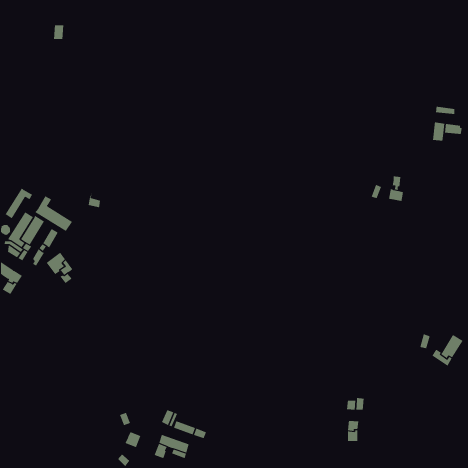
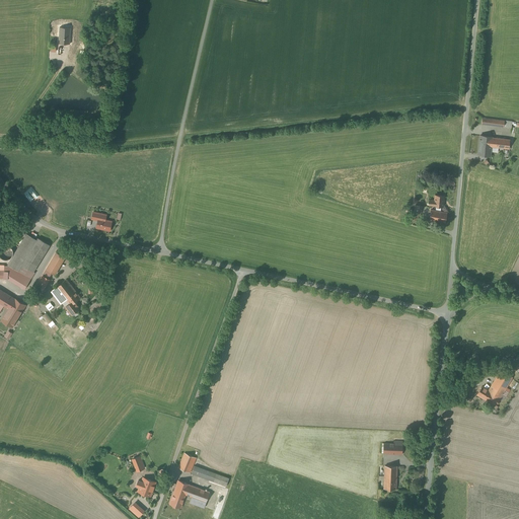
building: [5,187,33,219] -> none
building: [35,195,73,232] -> none

